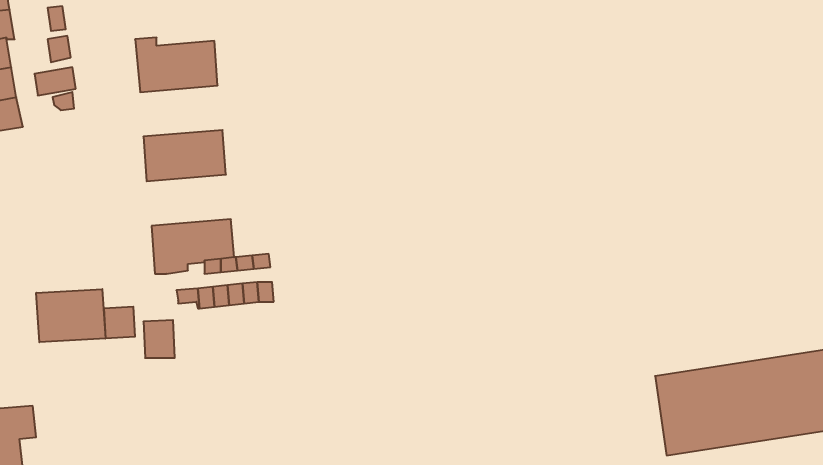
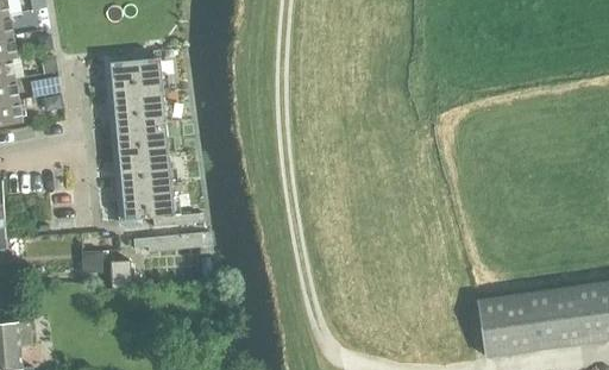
building: none -> [107,92,167,128]
building: none -> [112,156,172,193]
building: [36,289,105,342] -> none

